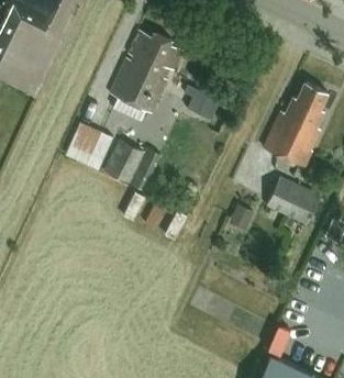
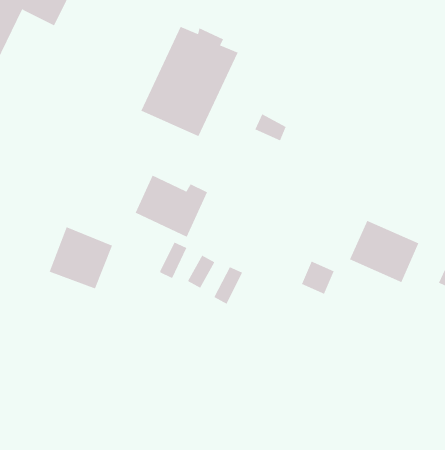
building: [263,84,328,168] -> none
building: [68,121,116,168] -> [49,227,113,289]

